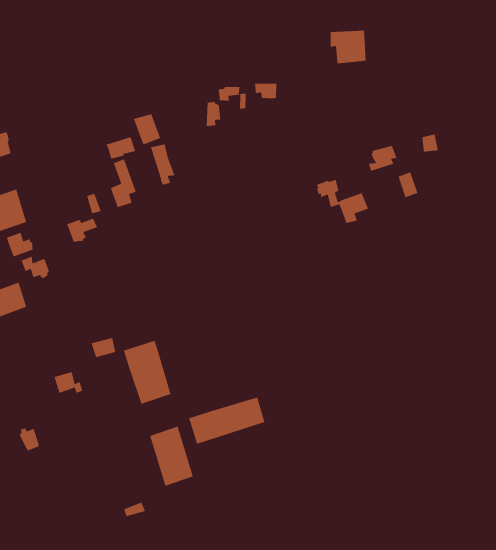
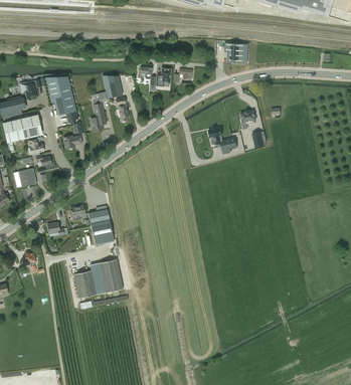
building: none -> [44,76,78,120]
building: [188,397,265,445] -> none
building: none -> [73,269,97,298]

